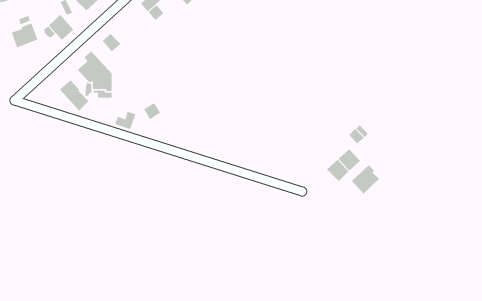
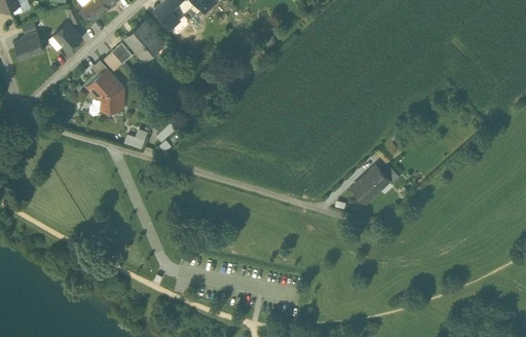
building: none -> [126,25,160,59]
building: [59,79,89,111] -> none
building: [351,165,380,195] -> none

